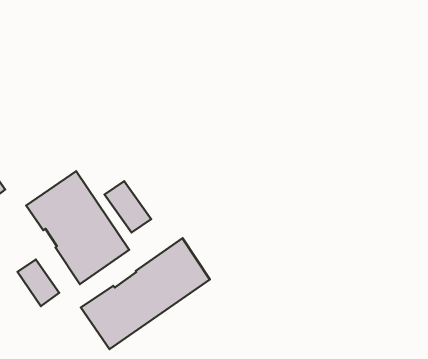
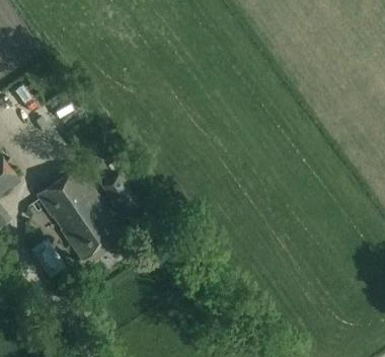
building: [81,238,210,349] -> none

